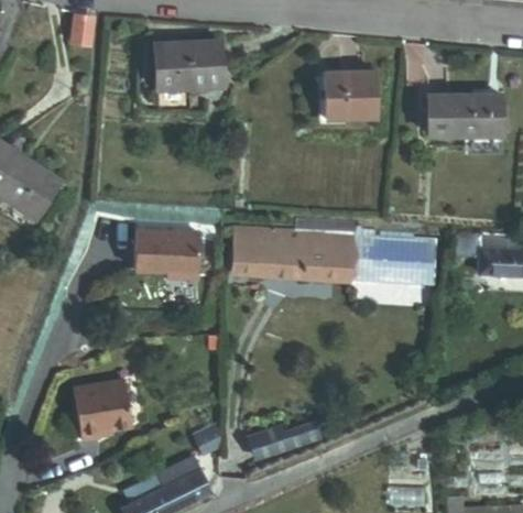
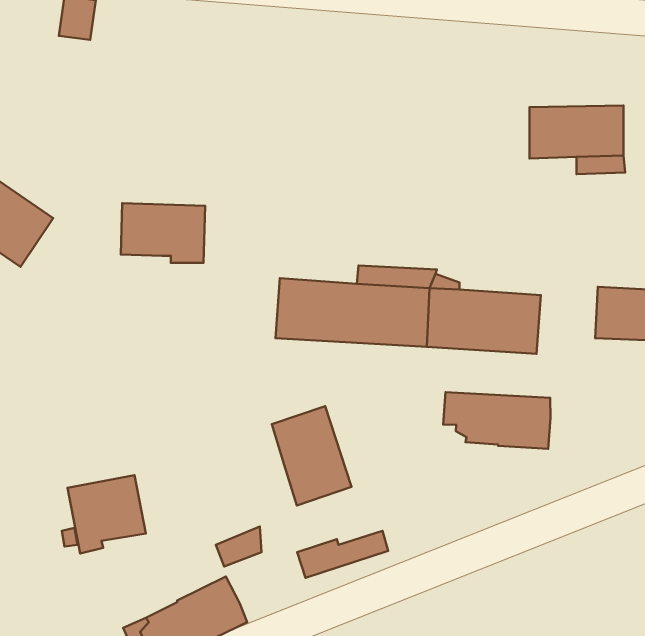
building: [157,41,225,88] -> none
building: [325,74,379,118] -> none
building: [134,234,199,281] -> [121,203,205,263]
building: none -> [443,392,551,449]
building: none -> [272,406,352,505]

